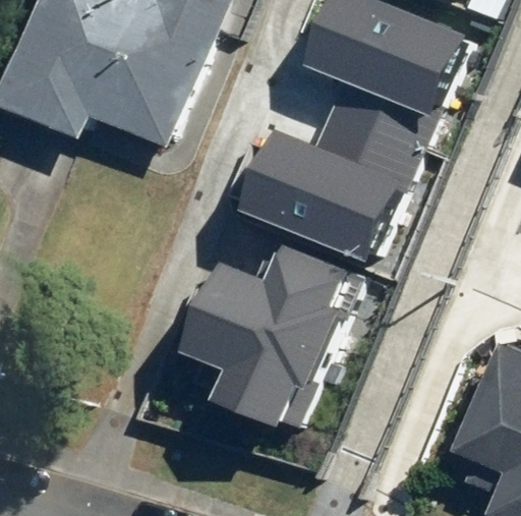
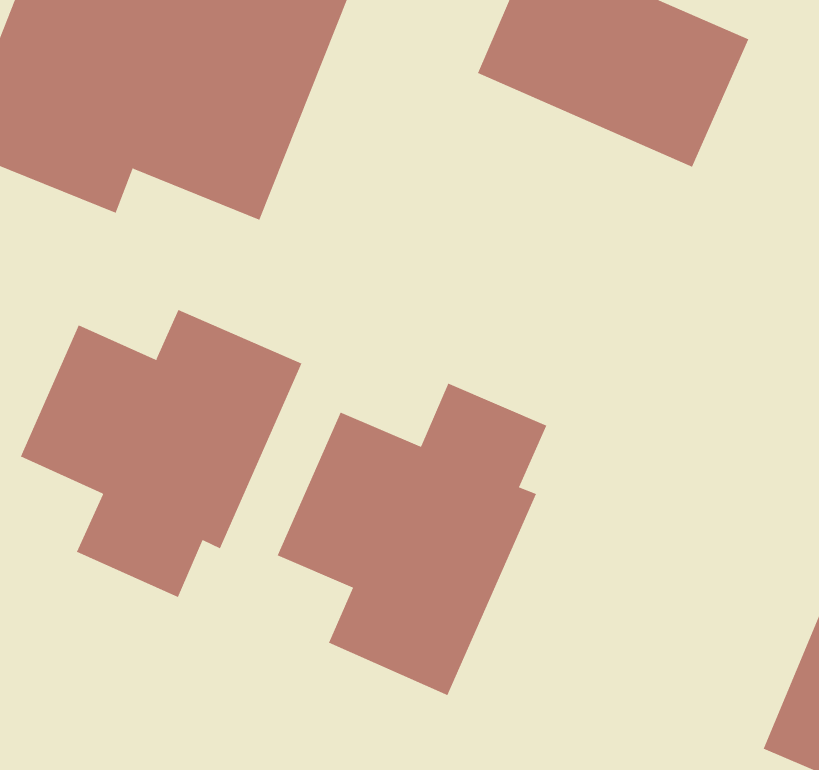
building: [238,87,422,265] -> none
building: none -> [20,309,302,598]

